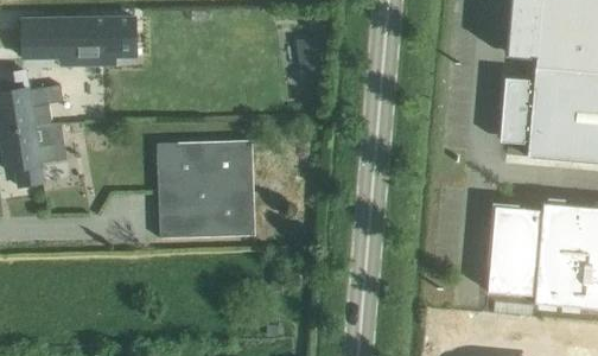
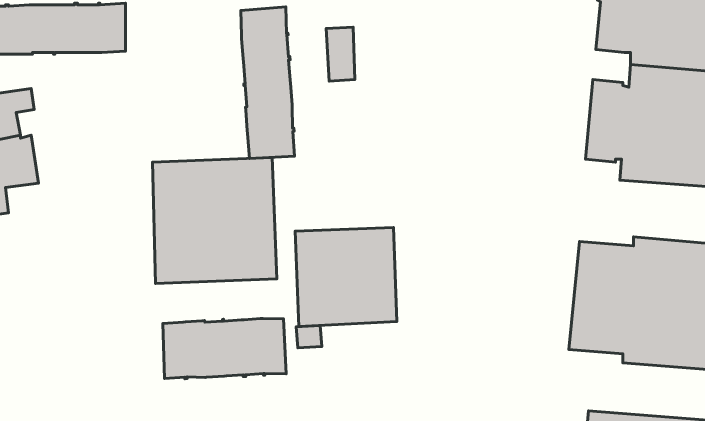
building: none -> [241,7,295,158]
building: none -> [295,228,397,326]
building: none -> [163,318,286,379]

